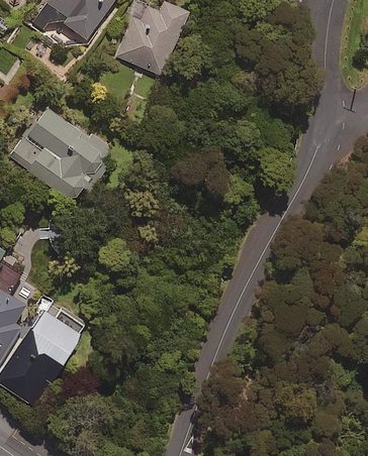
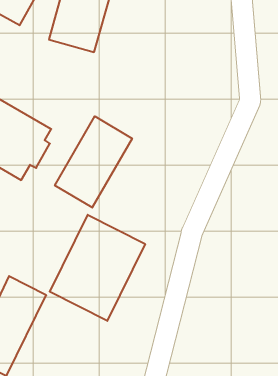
building: none -> [55,116,132,208]
building: none -> [50,215,145,321]

